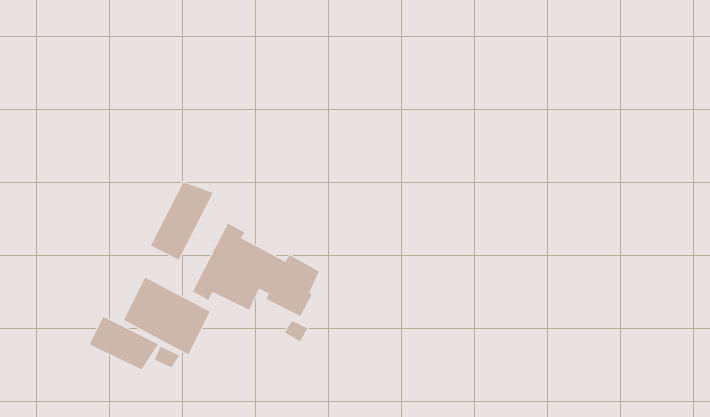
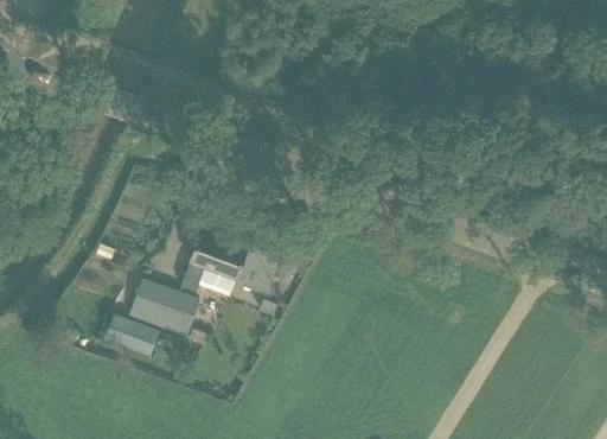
building: [150,182,214,260] -> none

